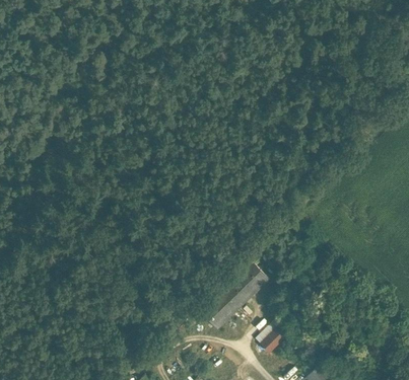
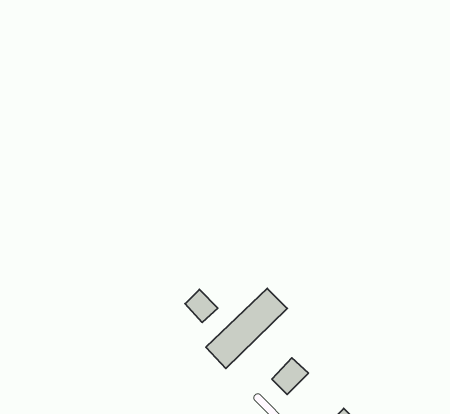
building: none -> [185,289,218,322]

